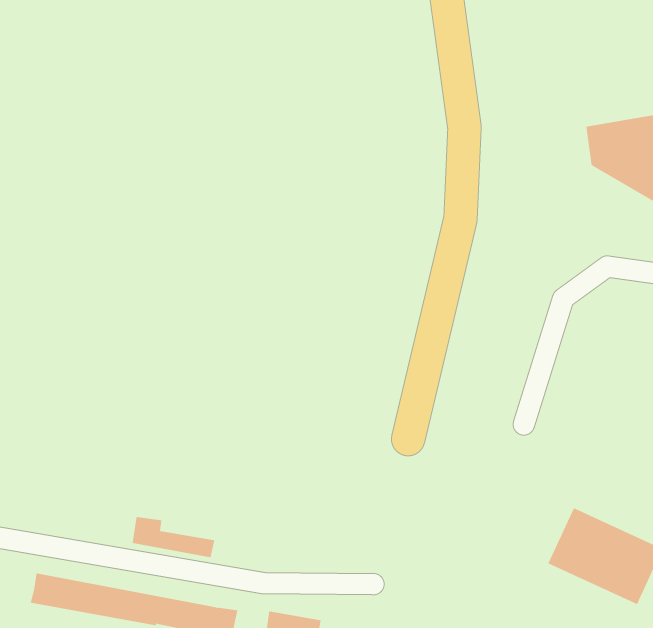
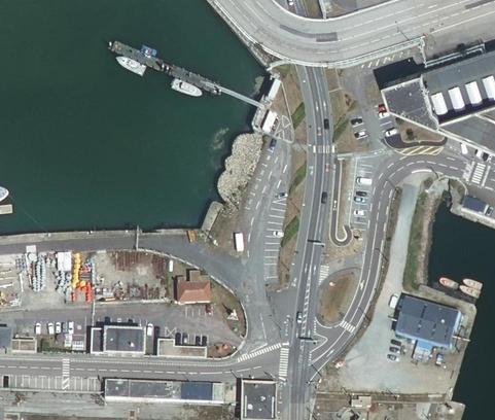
building: none -> [177,272,209,302]
building: none -> [89,329,141,356]

